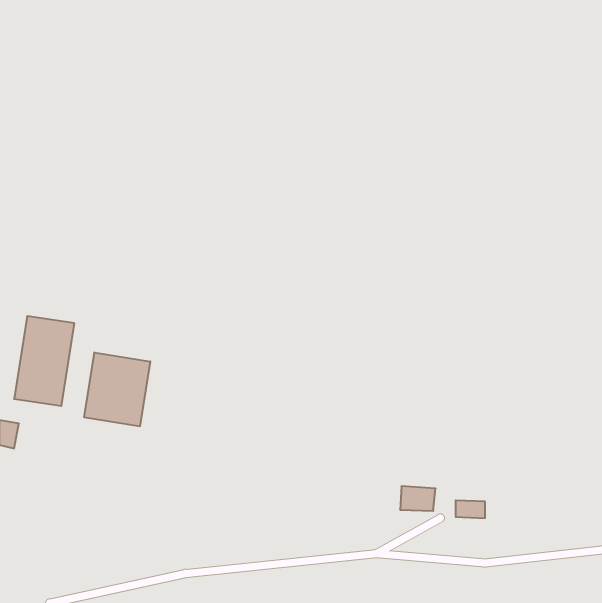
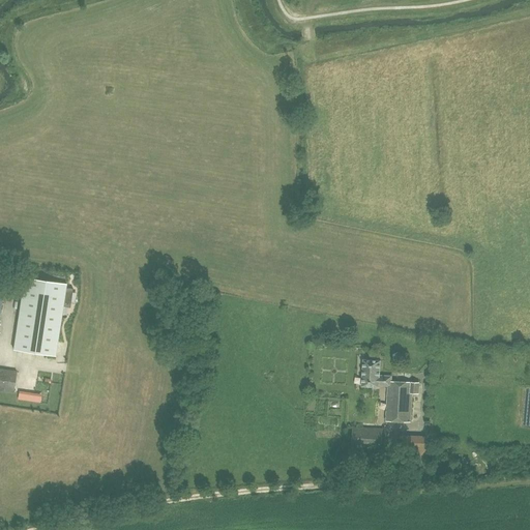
building: [84,352,150,426] -> none
building: none -> [360,359,418,421]

